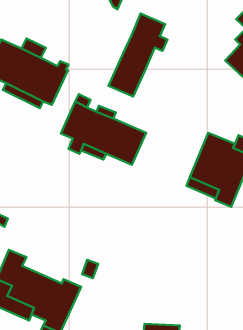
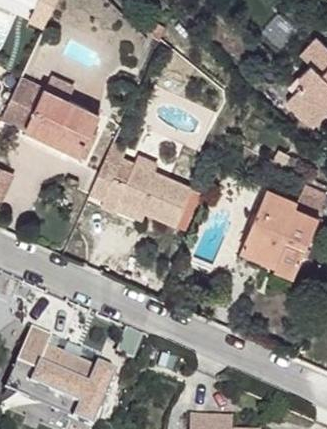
building: [109,13,167,97] -> none

